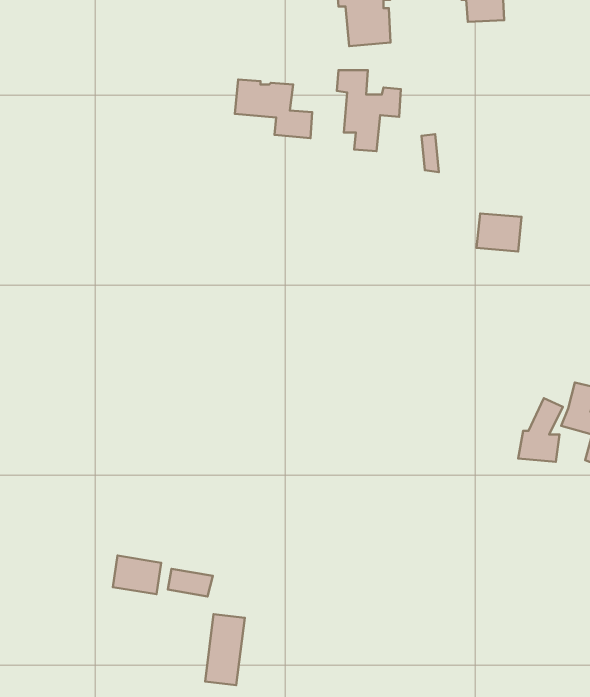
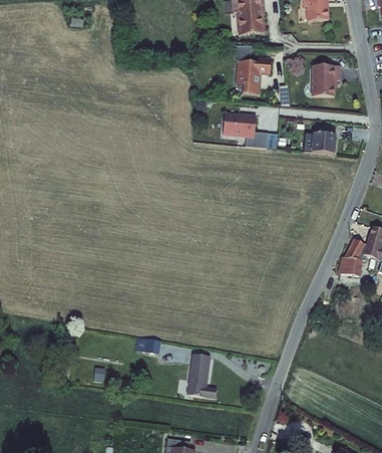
building: [235,79,312,138] -> [224,110,269,145]
building: none -> [313,63,341,93]
building: [113,556,161,594] -> none
building: [205,614,245,685] -> [186,355,210,396]

